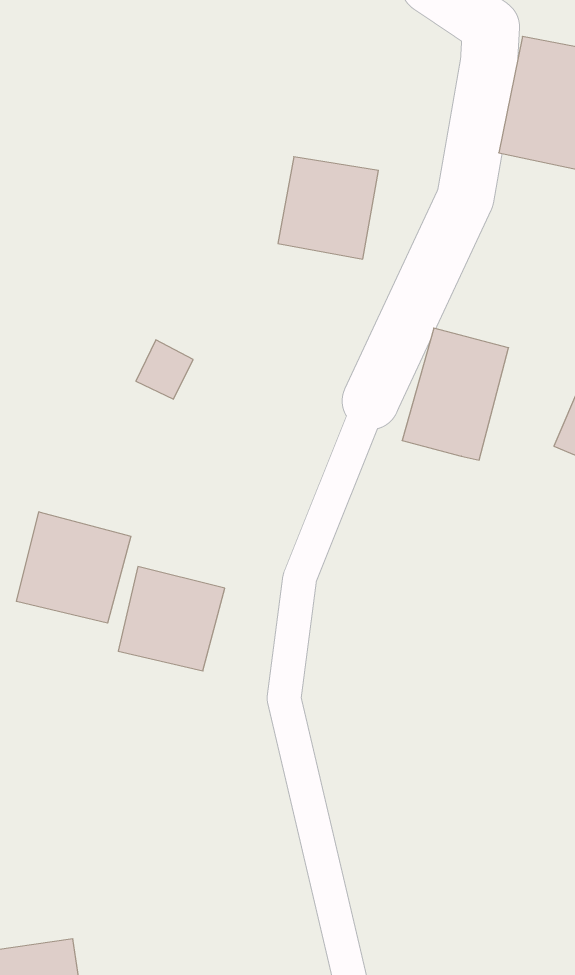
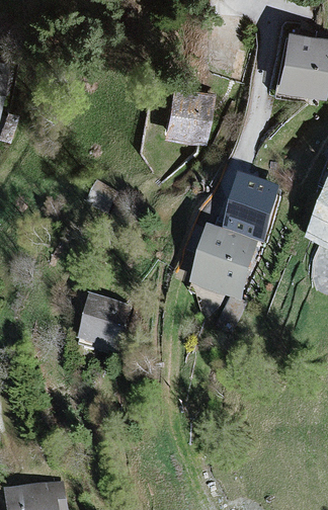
building: none -> [192,230,254,300]
building: [16,512,131,623] -> none

